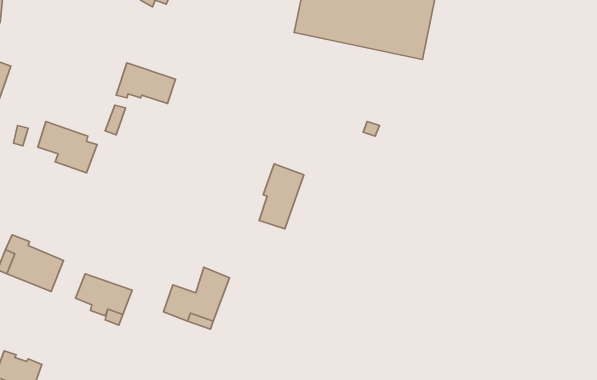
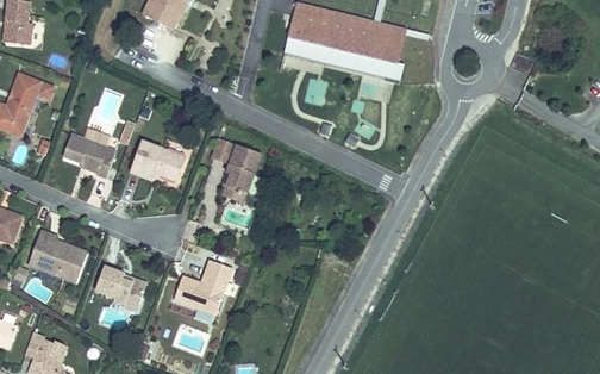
building: [116,63,175,103] -> [130,142,182,177]
building: [259,164,304,229] -> [221,145,261,202]

